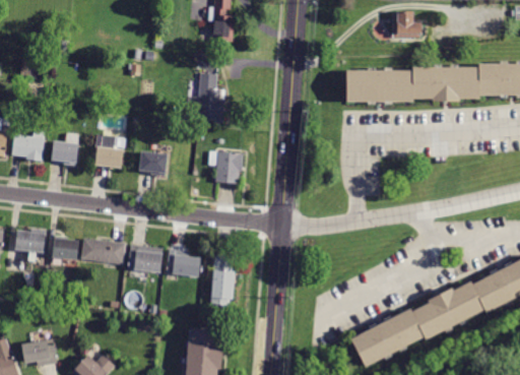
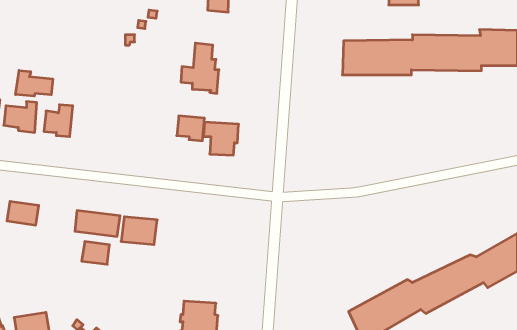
building: none -> [16,70,53,96]
building: [93,135,124,169] -> none
building: [139,151,167,176] -> [177,116,204,141]
building: [52,238,79,260] -> [82,242,109,264]
building: [166,249,199,282] -> none
building: [207,255,234,307] -> none

